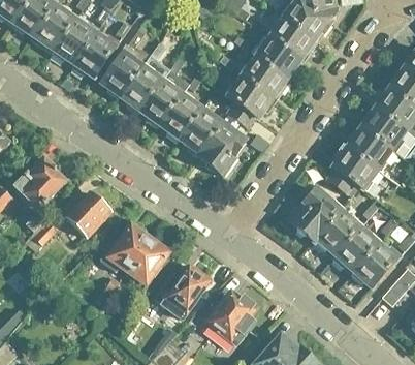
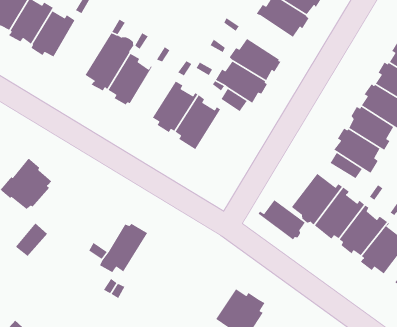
building: [72,21,130,78] -> none
building: [253,36,302,79] -> none
building: [142,78,187,127] -> none
building: [201,122,247,174] -> none
building: [64,191,109,236] -> none
building: none -> [258,199,306,241]
building: [126,235,168,290] -> none
building: [155,267,207,317] -> none

